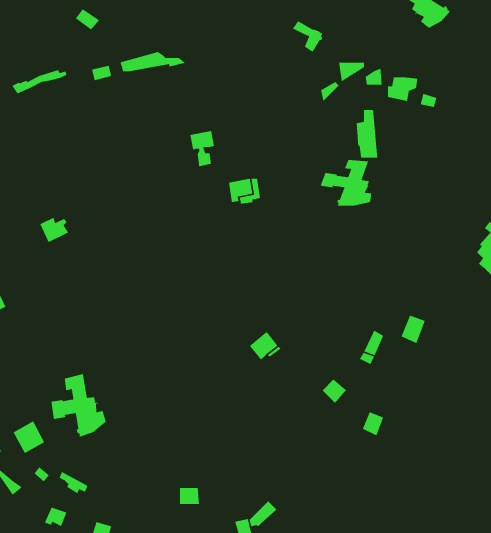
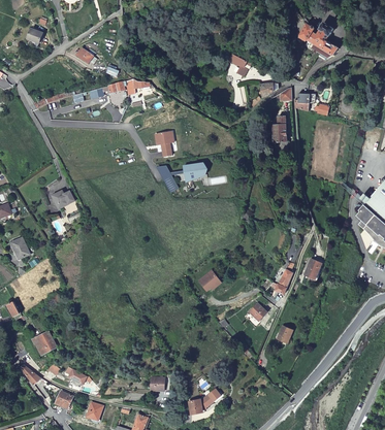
building: [320,159,372,207] -> none
building: [50,373,107,438] -> none

